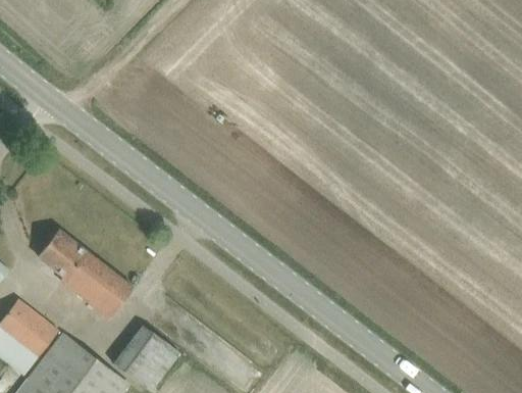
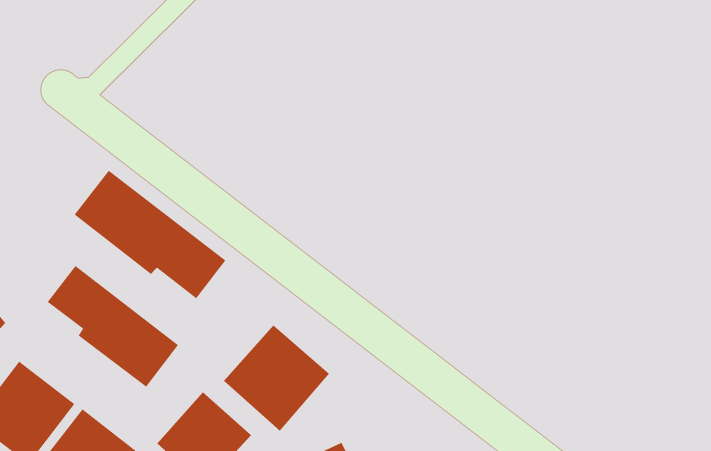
building: none -> [74,170,226,299]
building: none -> [223,324,330,431]

